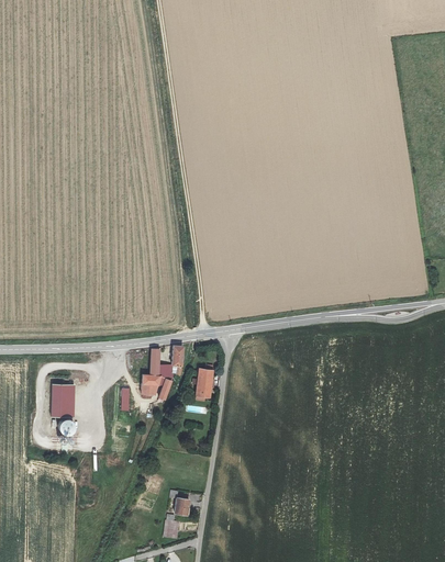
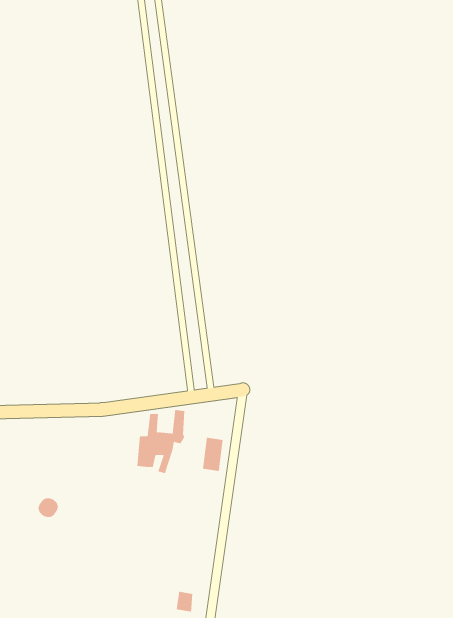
building: [51,383,74,417] -> none

